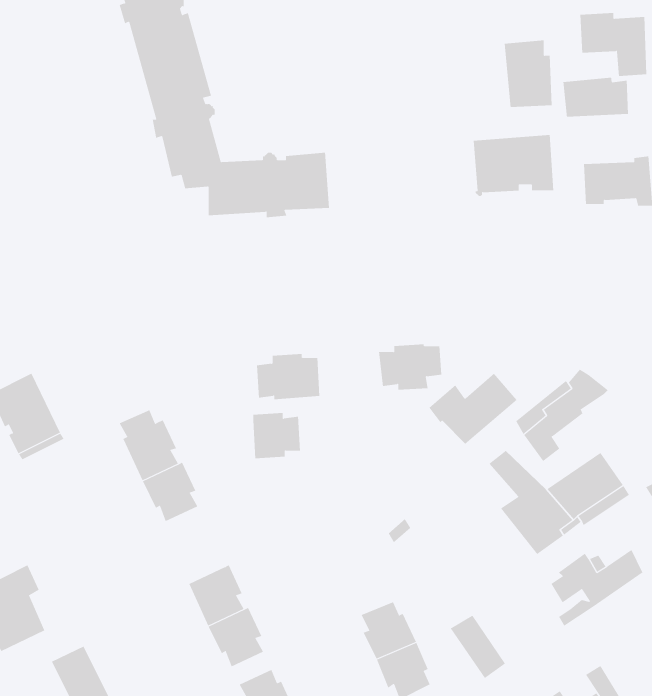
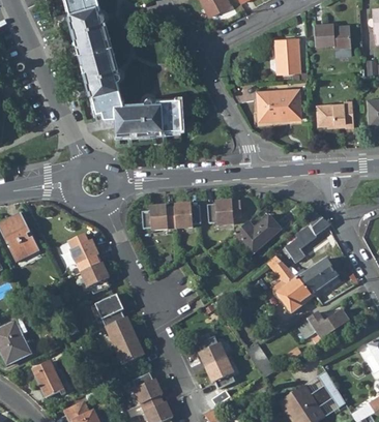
building: [563,77,629,118] -> none
building: [252,412,301,459] -> [175,203,201,228]
building: none -> [95,295,125,328]

